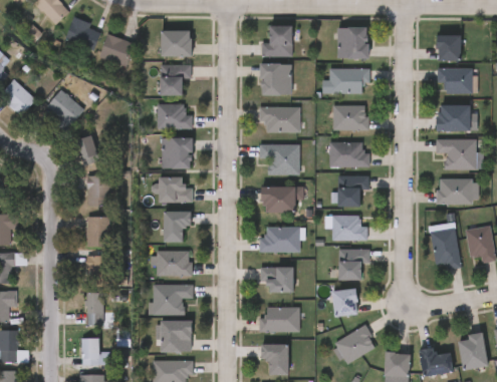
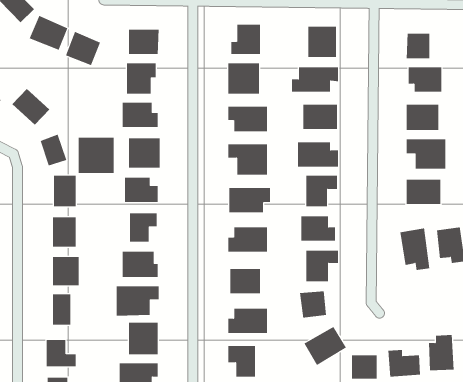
building: none -> [78,137,114,174]

